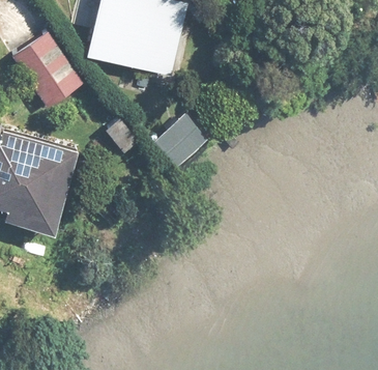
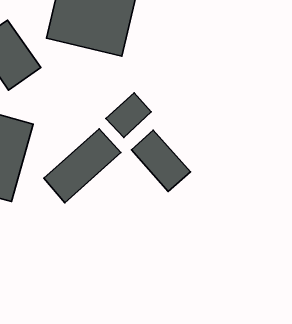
building: none -> [44,129,121,203]
building: none -> [131,130,191,191]

